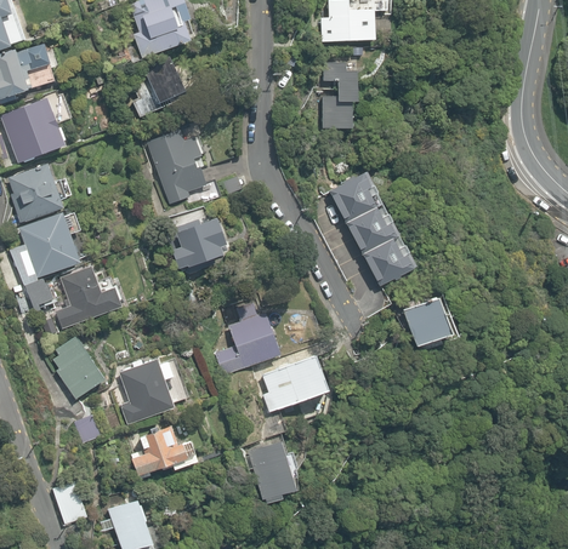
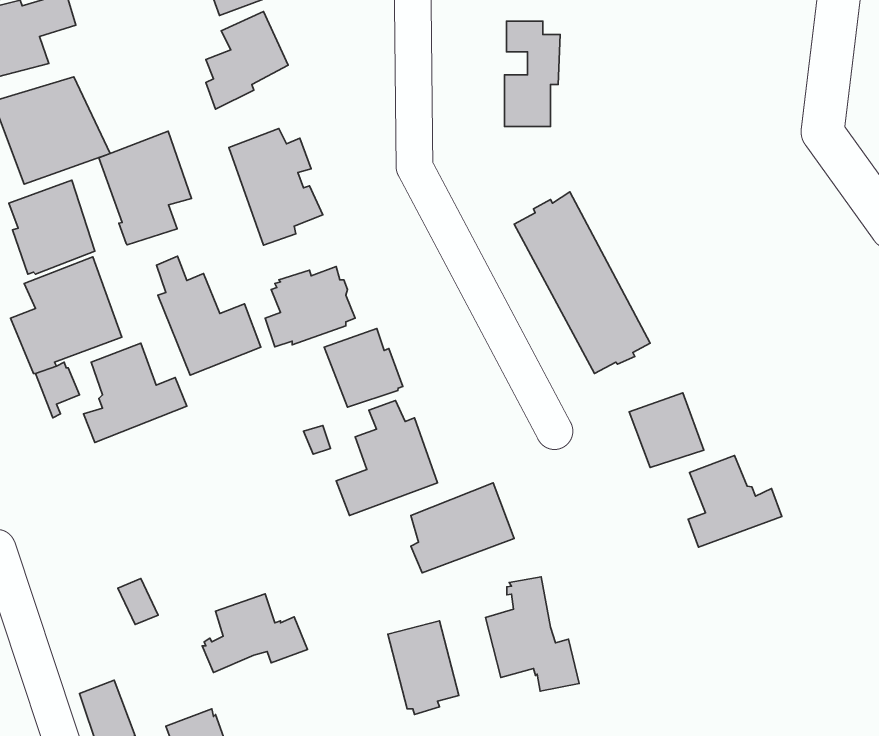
building: none -> [99,131,192,245]
building: none -> [156,256,261,375]
building: none -> [324,328,403,407]
building: [53,334,104,399] -> none
building: none -> [688,455,782,547]
building: [119,358,175,424] -> none
building: none -> [485,577,579,691]

